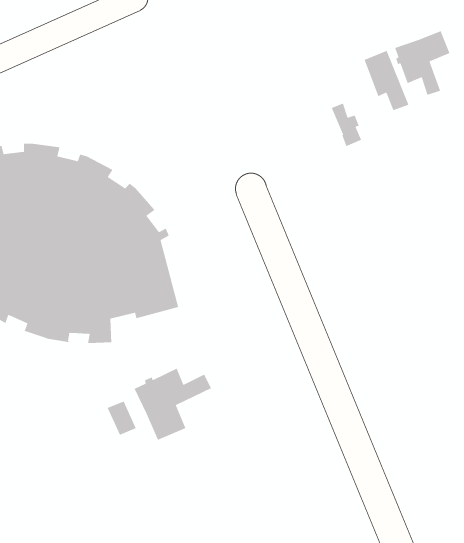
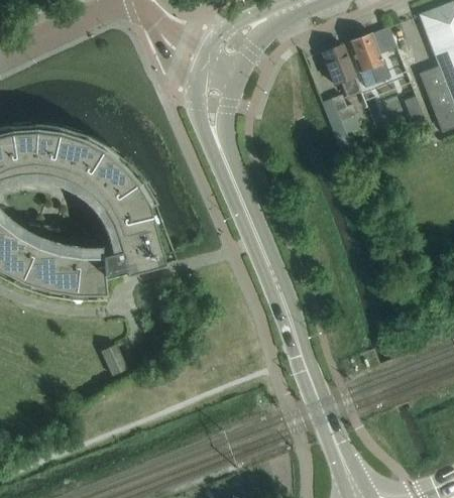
building: [331,103,362,147] -> [331,95,358,133]
building: [133,368,212,441] -> none

